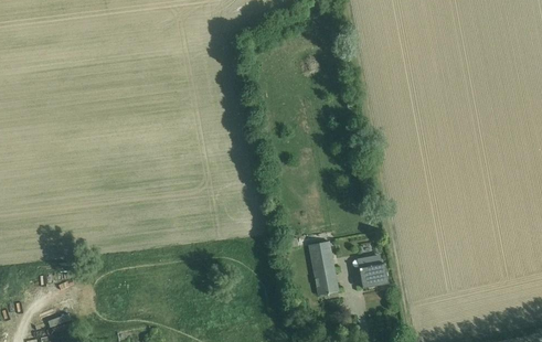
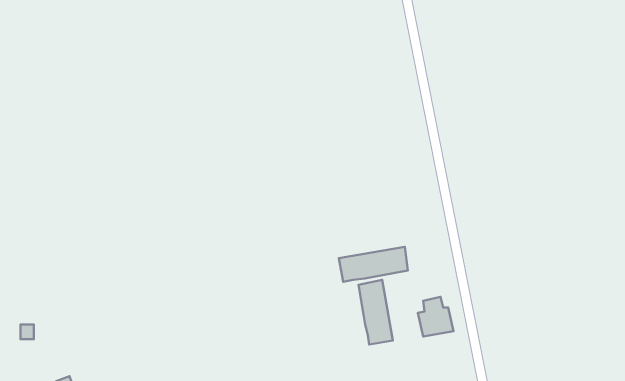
building: none -> [339,247,408,282]

